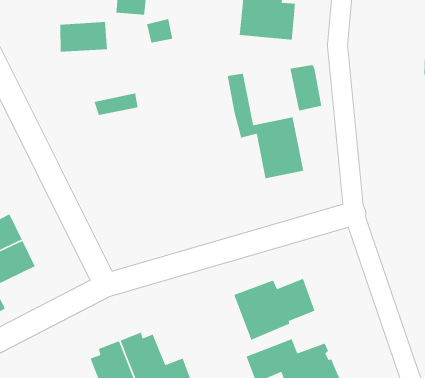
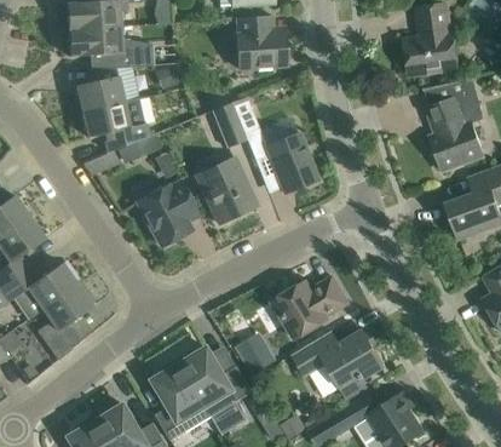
building: none -> [81,97,149,150]
building: [289,64,322,112] -> [211,102,246,147]
building: none -> [195,156,257,223]
building: none -> [137,179,200,246]
building: none -> [236,332,277,374]

